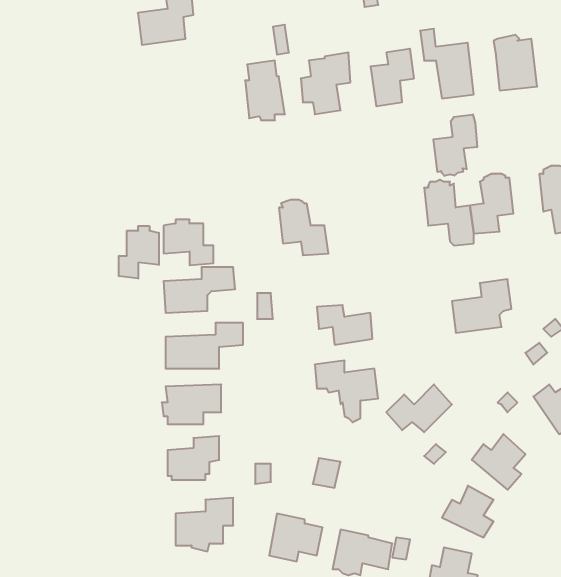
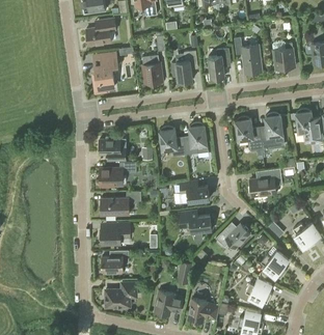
building: none -> [93,52,117,93]
building: [433,114,477,176] -> none
building: none -> [184,122,208,155]
building: [119,226,159,279] -> none

